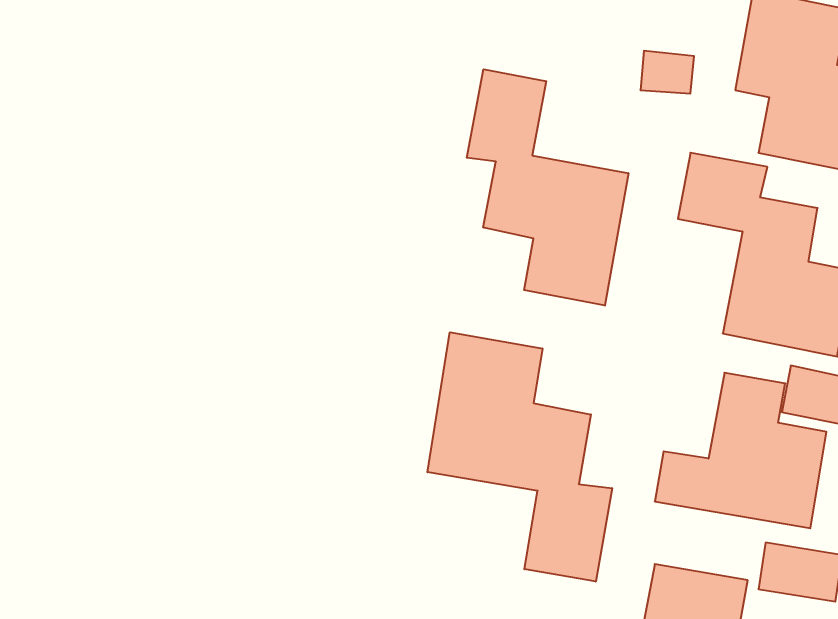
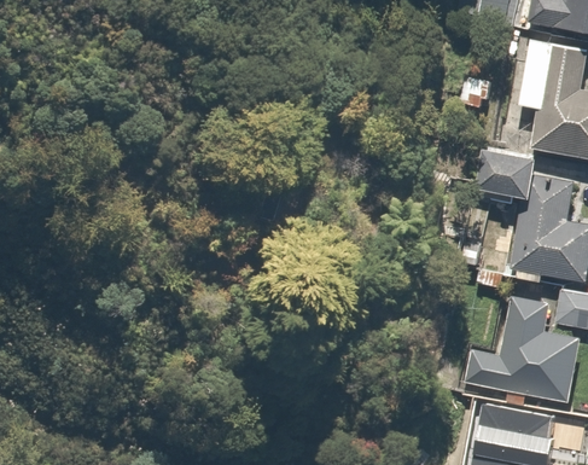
building: [467,69,628,306] -> none
building: [427,332,612,582] -> none

